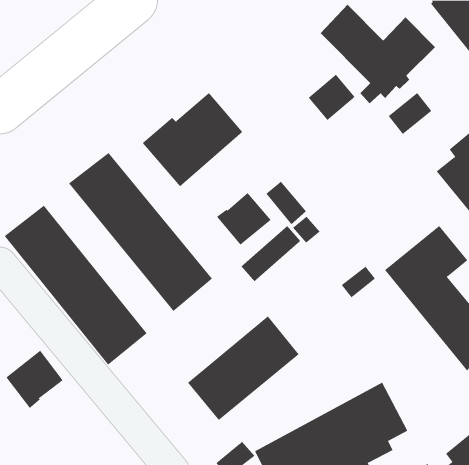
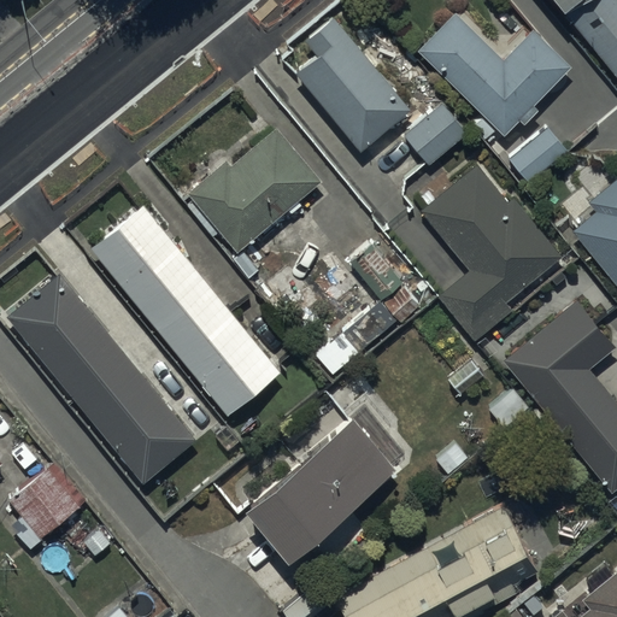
building: none -> [294,18,410,152]
building: none -> [421,168,563,342]
building: [216,192,271,245] -> none

